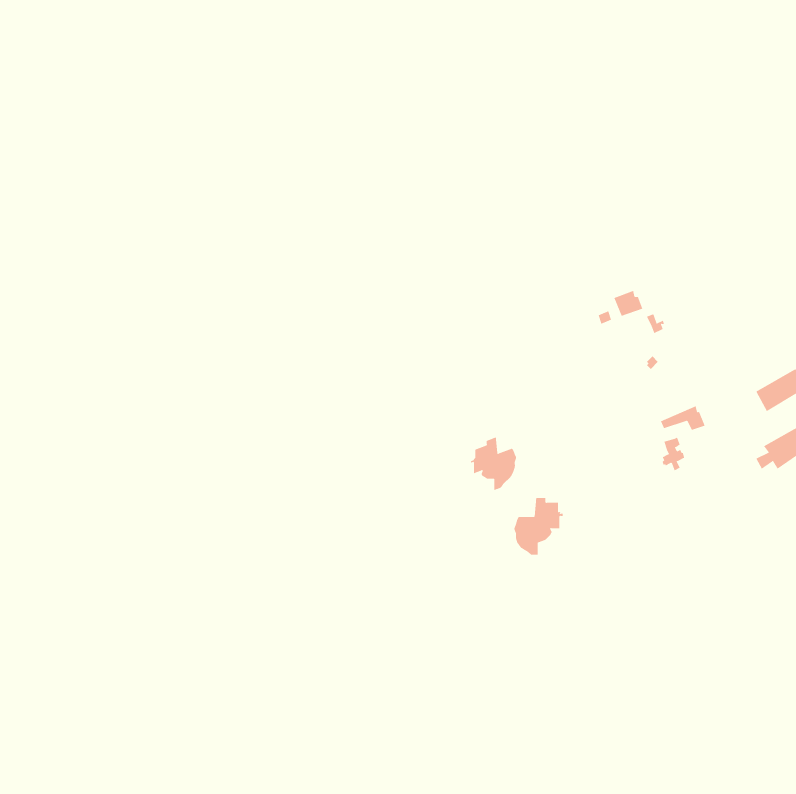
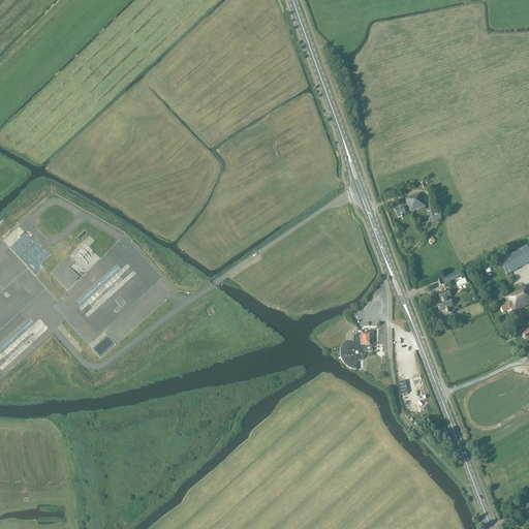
building: [470,437,517,491] -> none

